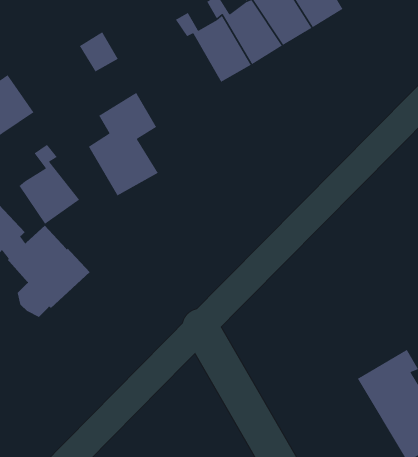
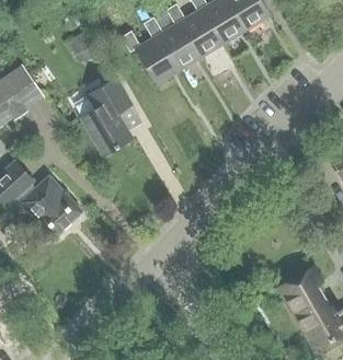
building: none -> [122,31,179,84]
building: [18,144,80,225] -> none

